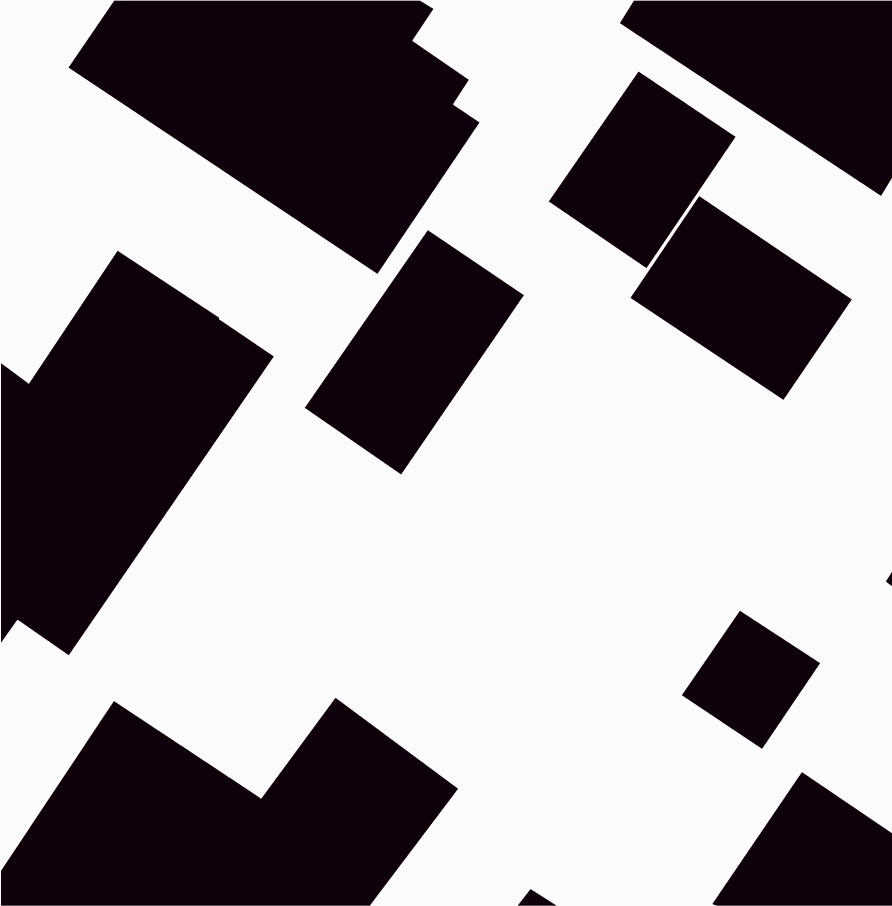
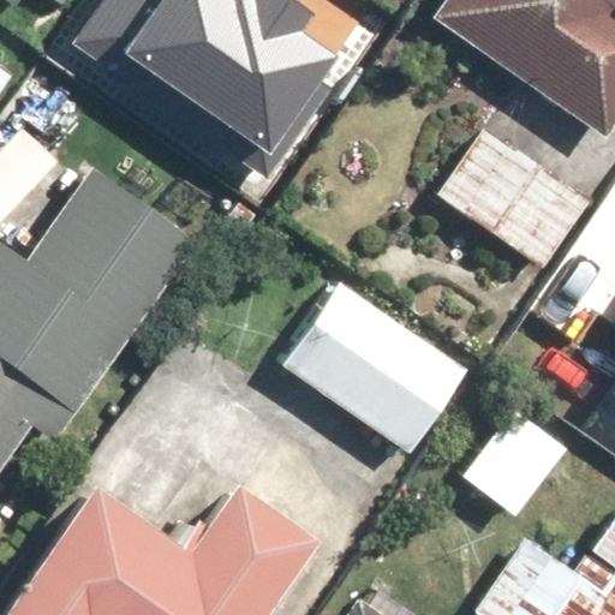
building: [548,71,736,269] -> none
building: [304,229,525,475] -> none
building: none -> [282,281,461,448]

